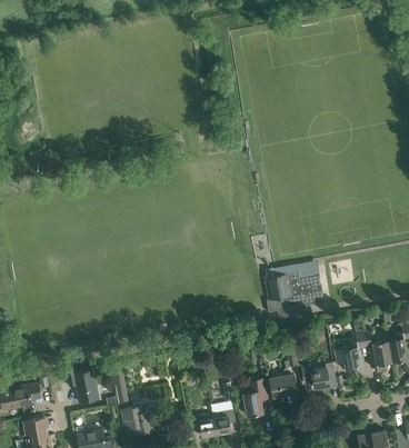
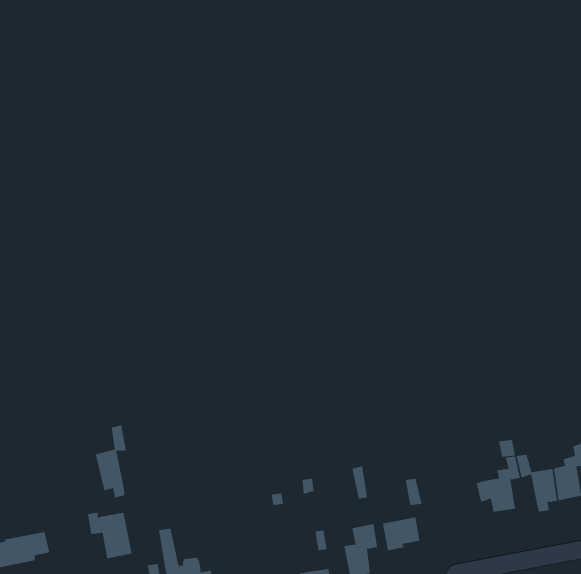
building: [265,270,323,318] -> none
building: none -> [95,424,126,498]
building: [301,362,337,388] -> none

